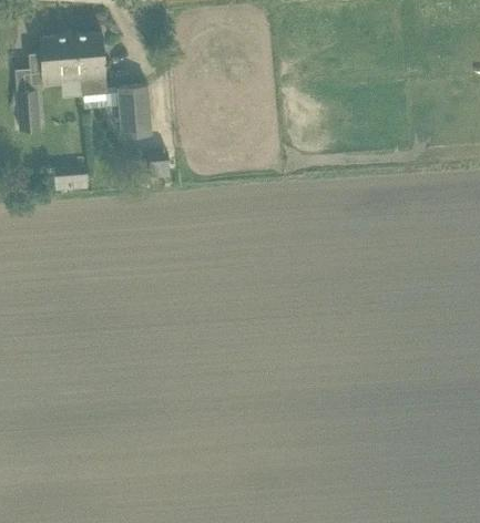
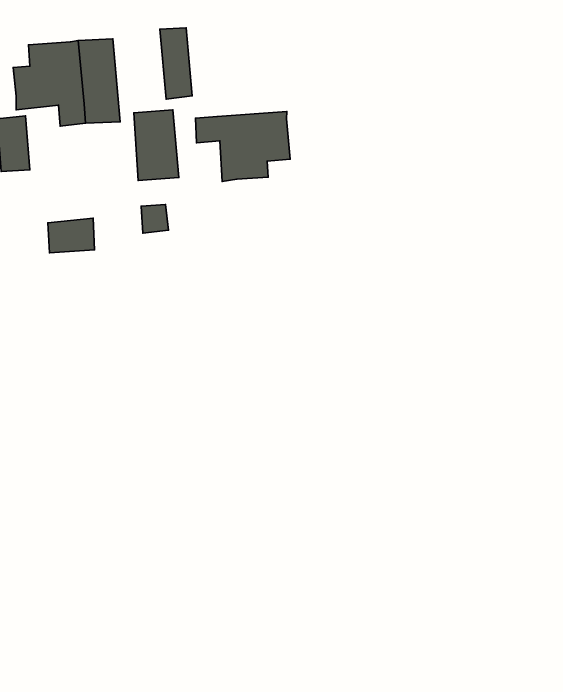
building: none -> [160,28,192,99]
building: none -> [196,112,290,181]

